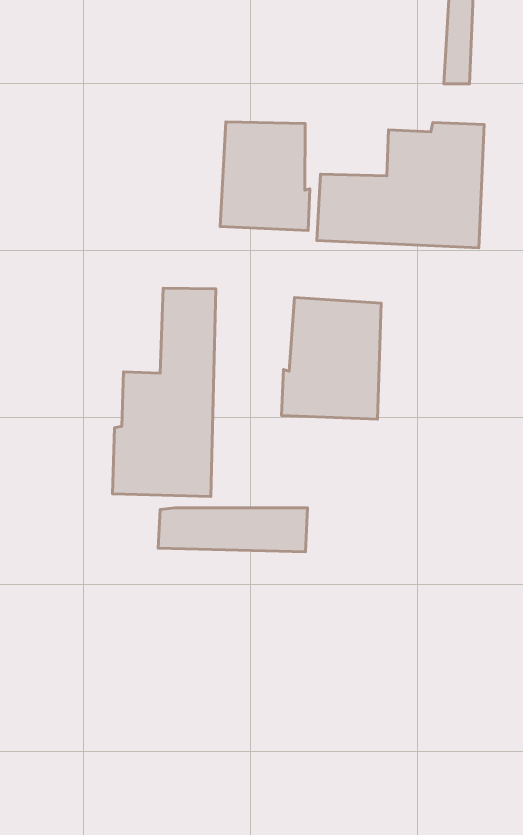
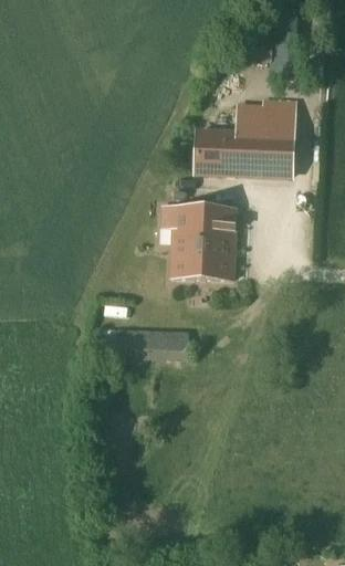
building: [220,122,310,231] -> none
building: [113,288,216,496] -> none

